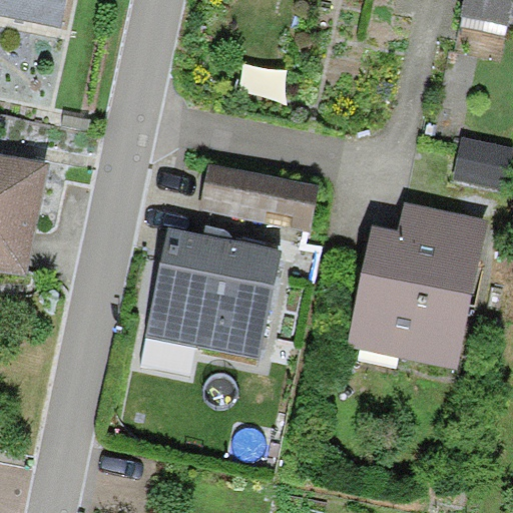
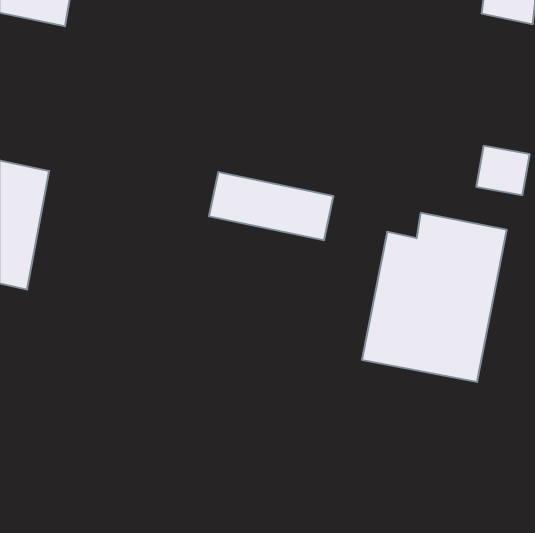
building: [149,231,281,360] -> none

